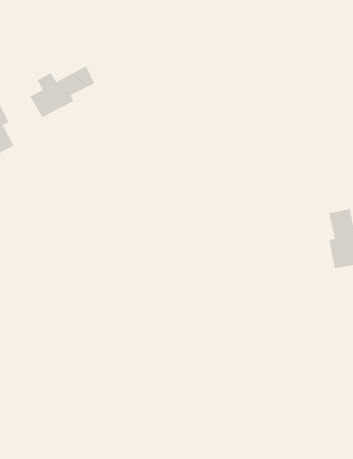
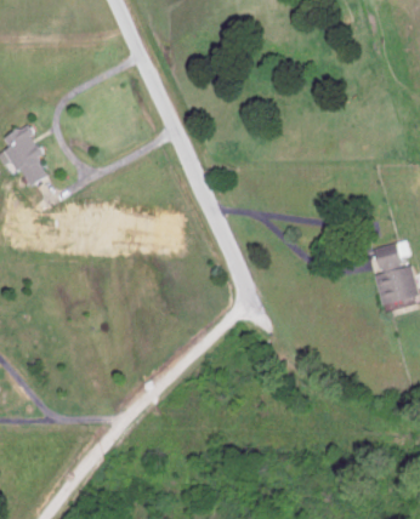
building: [29,65,95,118] -> none

